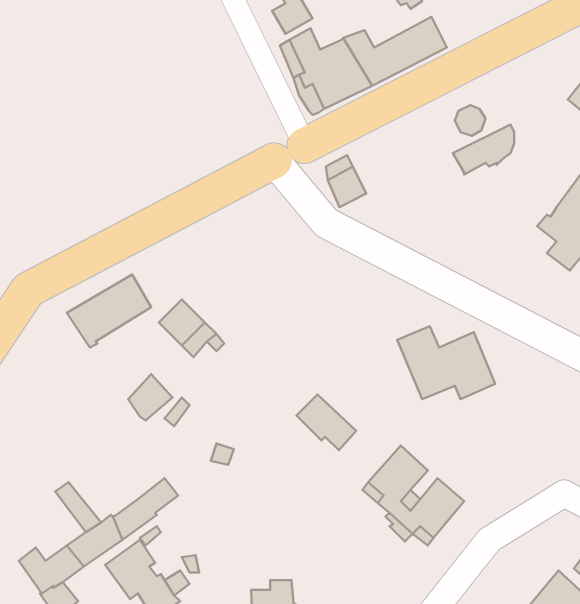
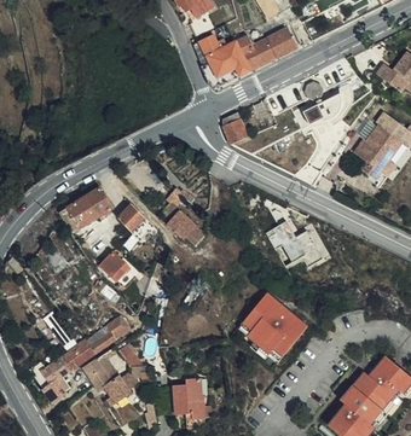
building: [297,394,356,450] -> [168,209,206,244]

